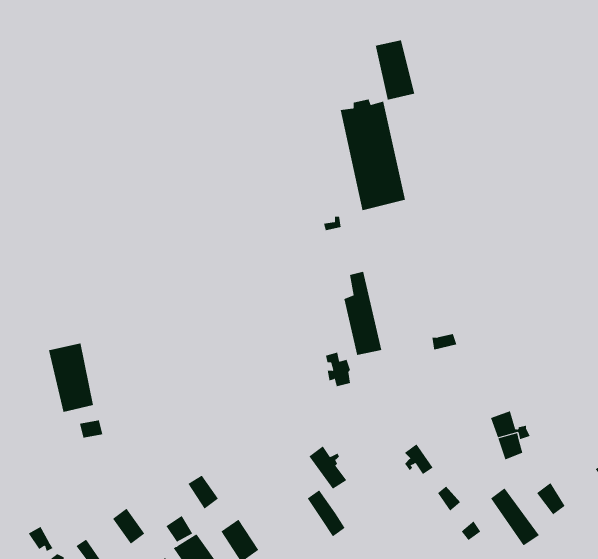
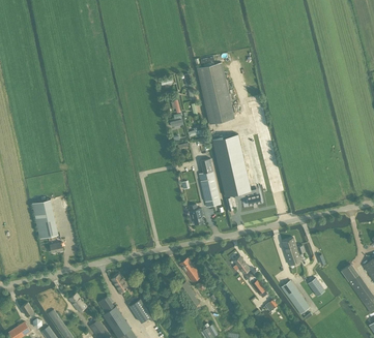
building: [375,40,415,100] -> none
building: none -> [211,133,250,195]

